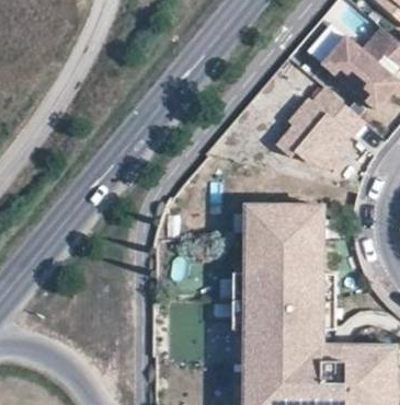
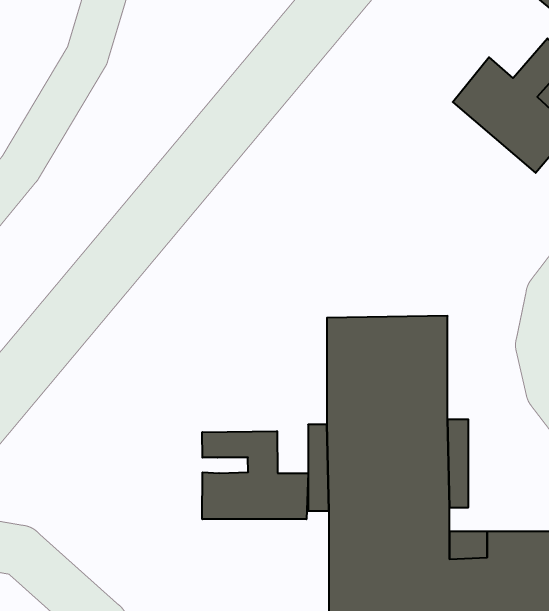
building: [278,88,366,169] -> none
building: none -> [202,431,308,519]

